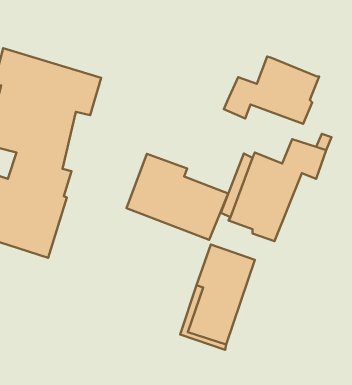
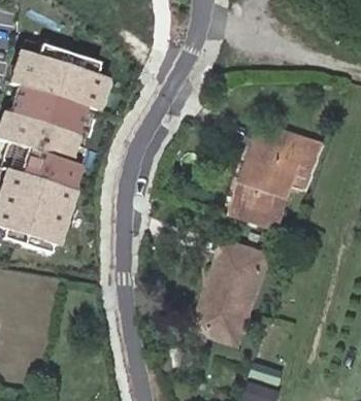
building: [224,56,319,124] -> none
building: [127,154,228,240] -> none

